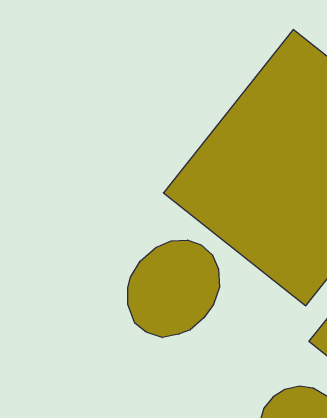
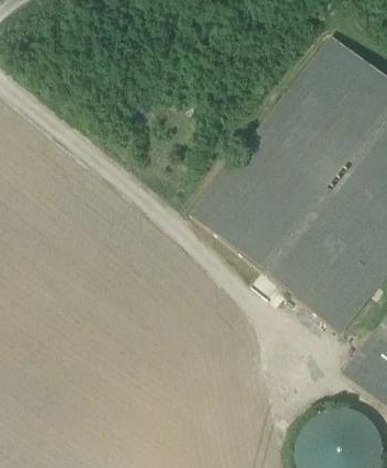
building: [128,240,220,338] -> none

